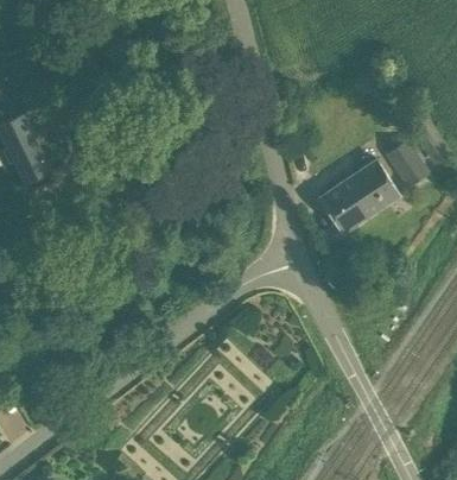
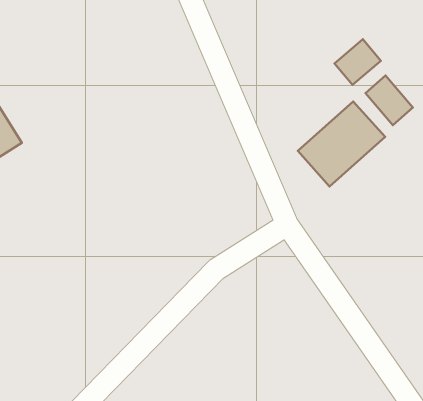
building: none -> [335,39,381,85]

